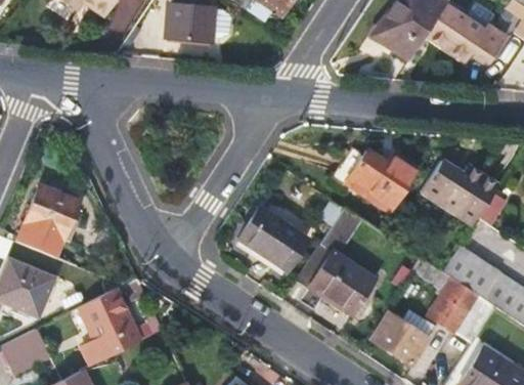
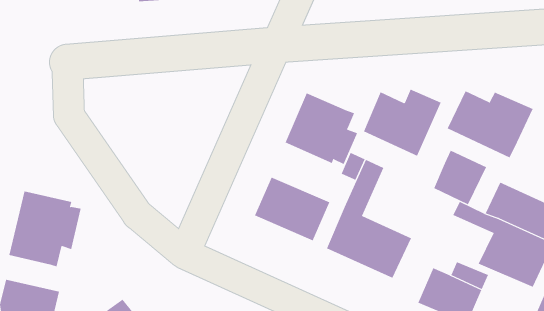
building: none -> [285,92,358,165]
building: none -> [434,150,487,205]

